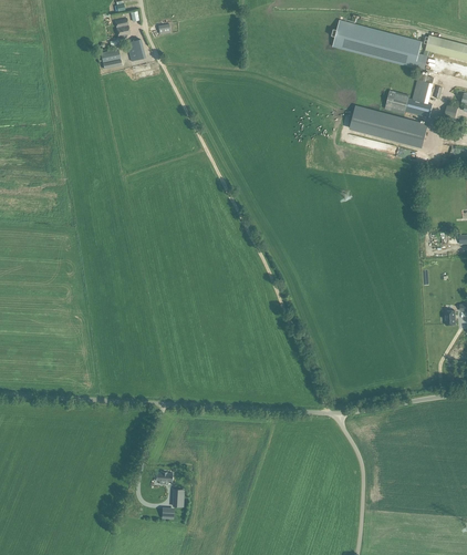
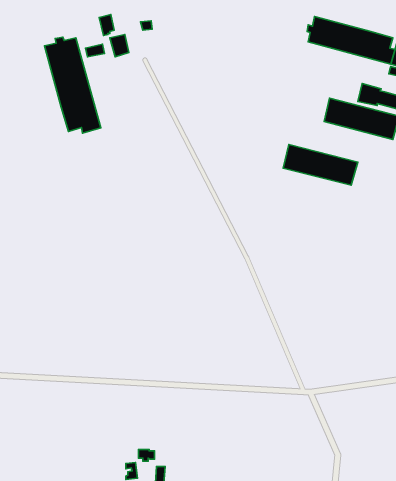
building: none -> [45,37,101,133]
building: none -> [283,145,358,185]

